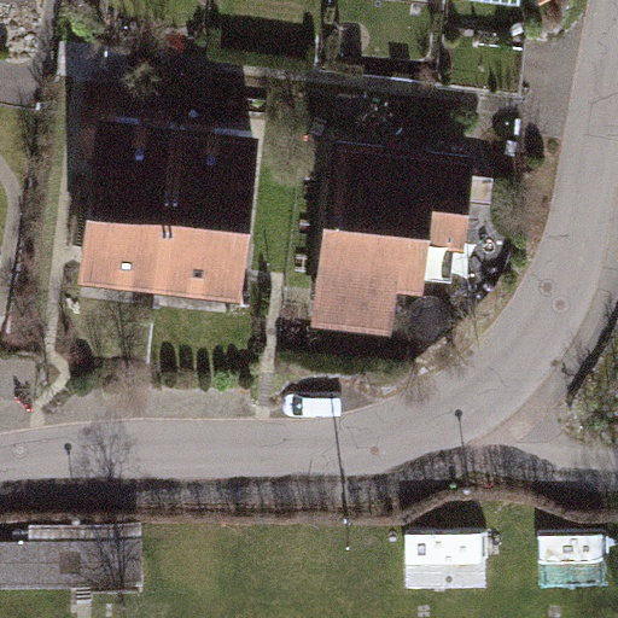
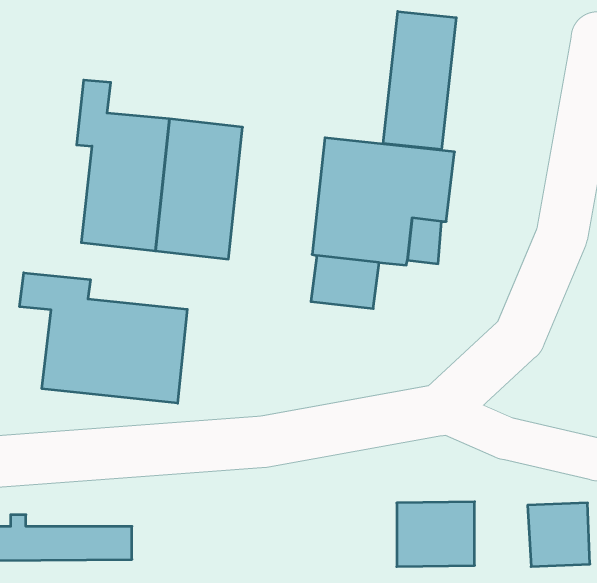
building: none -> [383,11,456,149]
building: none -> [20,273,187,403]

